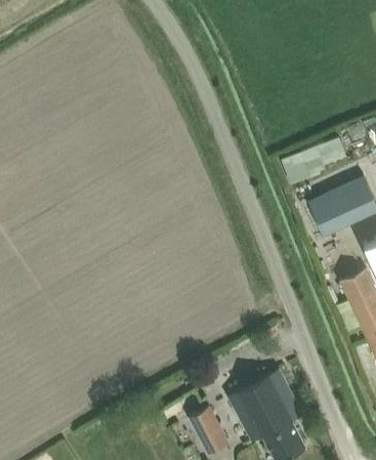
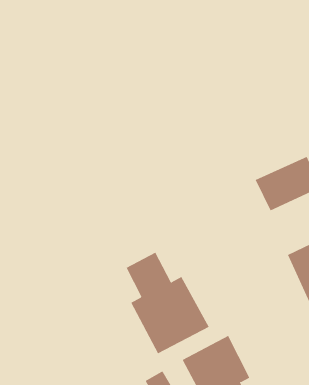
building: none -> [126,252,209,354]

